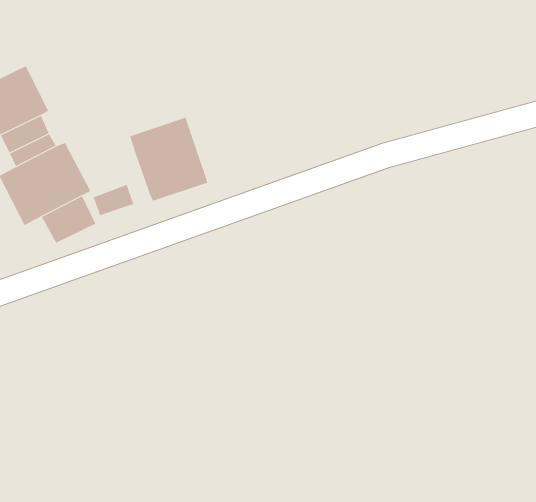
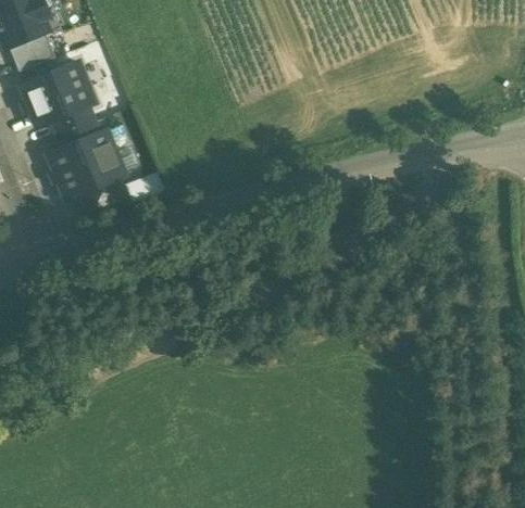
building: [129,117,208,202] -> none

